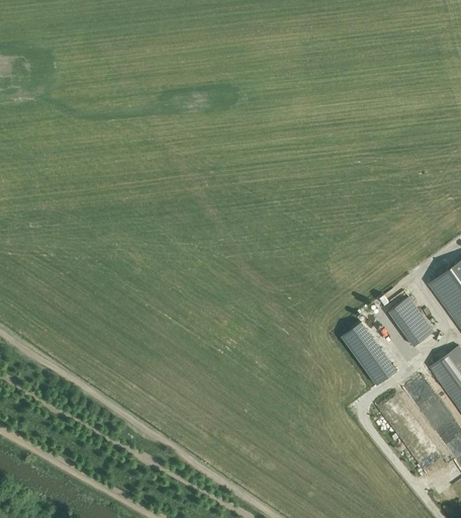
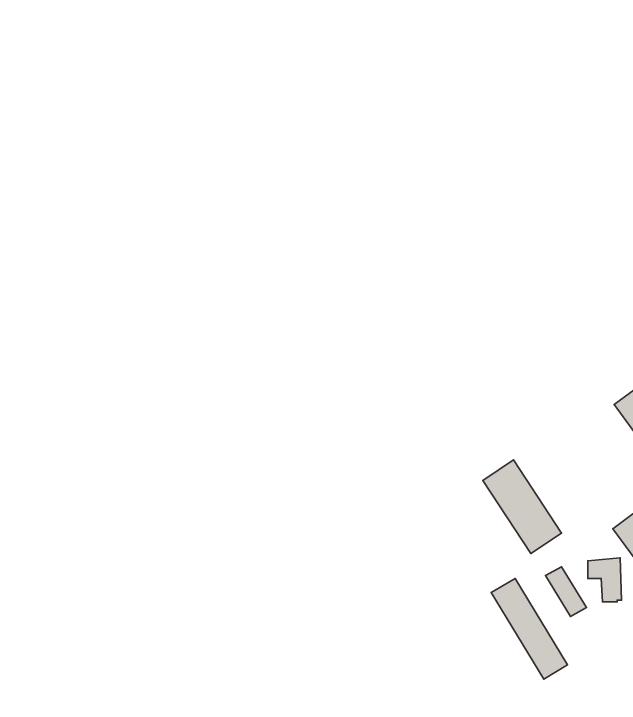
building: [387,290,433,347] -> none
building: none -> [491,578,568,679]

